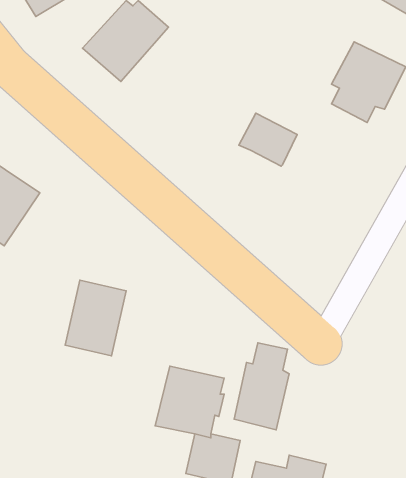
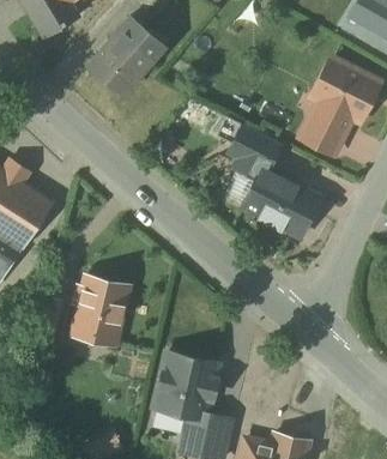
building: none -> [302,116,345,153]
building: none -> [235,158,321,237]
building: [234,343,289,430] -> none

